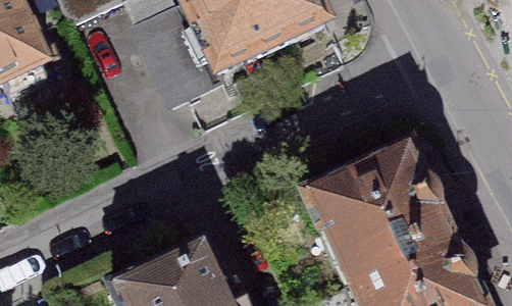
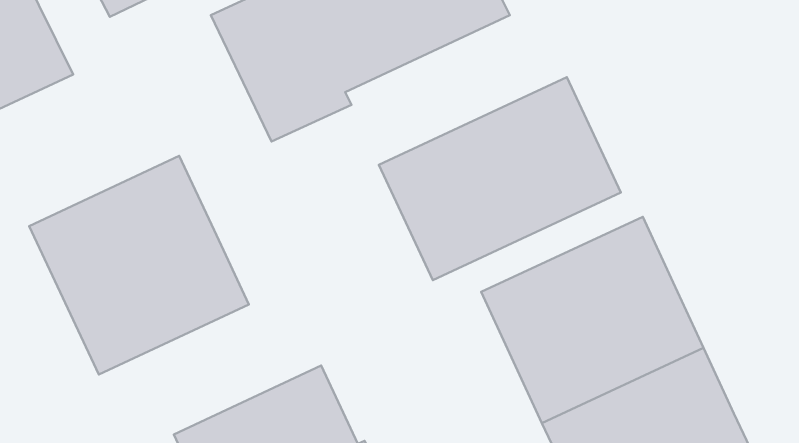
building: none -> [379,77,621,280]
building: none -> [29,156,249,375]

